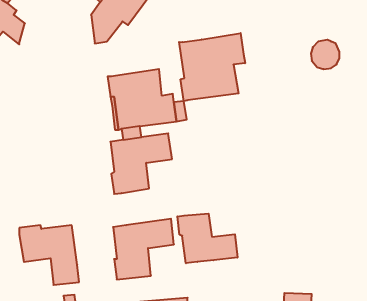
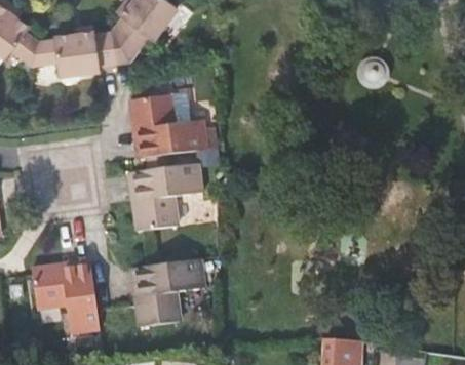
building: none -> [32,30,116,78]
building: [179,33,245,101] -> none
building: [177,214,237,263] -> none

